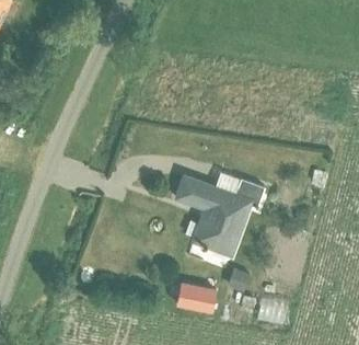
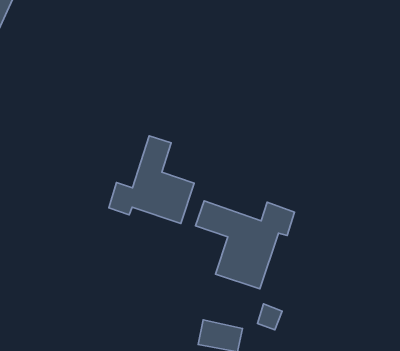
building: none -> [109,136,194,224]

